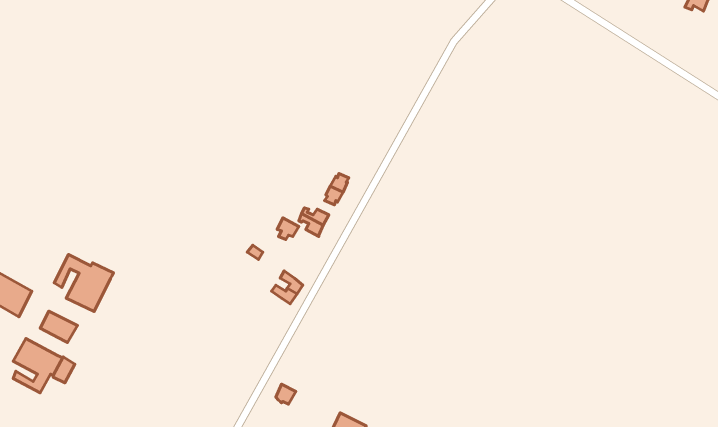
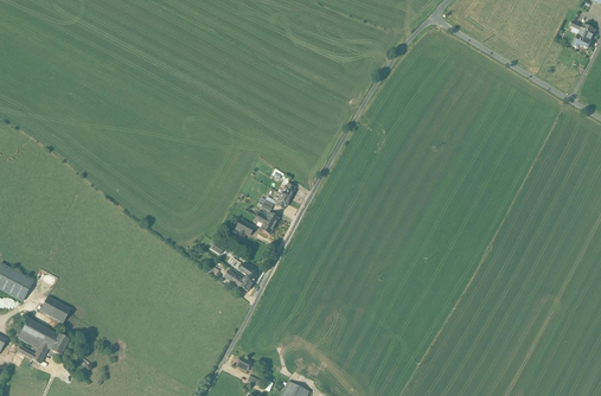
building: [54,255,114,312] -> none

